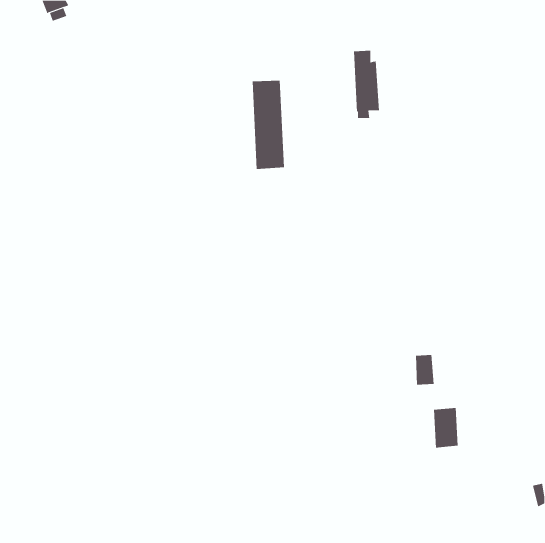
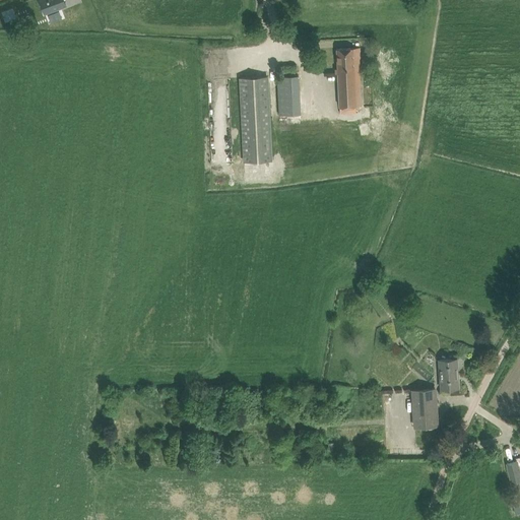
building: none -> [276,76,299,118]
building: [415,354,434,385] -> [440,361,458,390]

